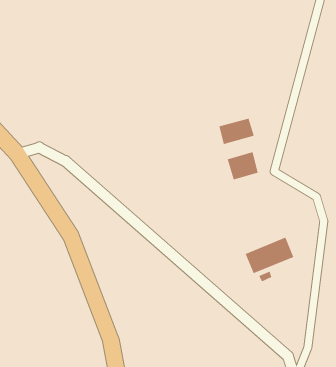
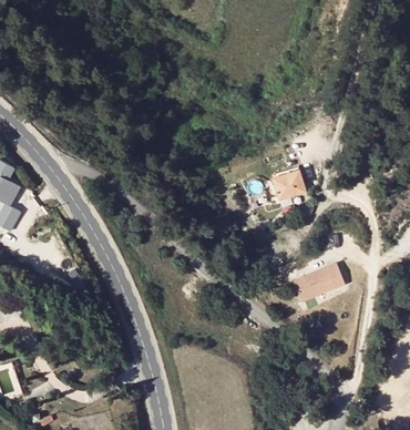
building: [219,118,255,145] -> none

